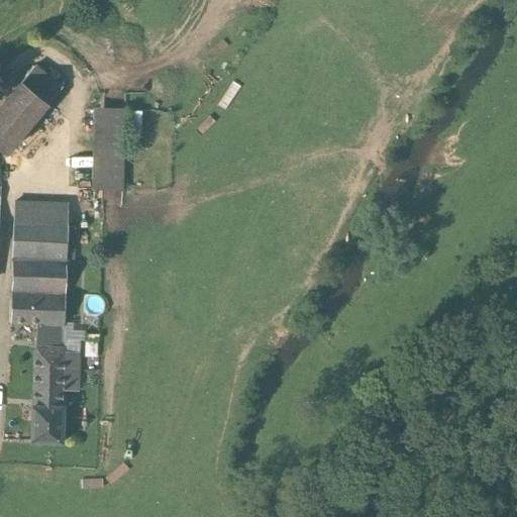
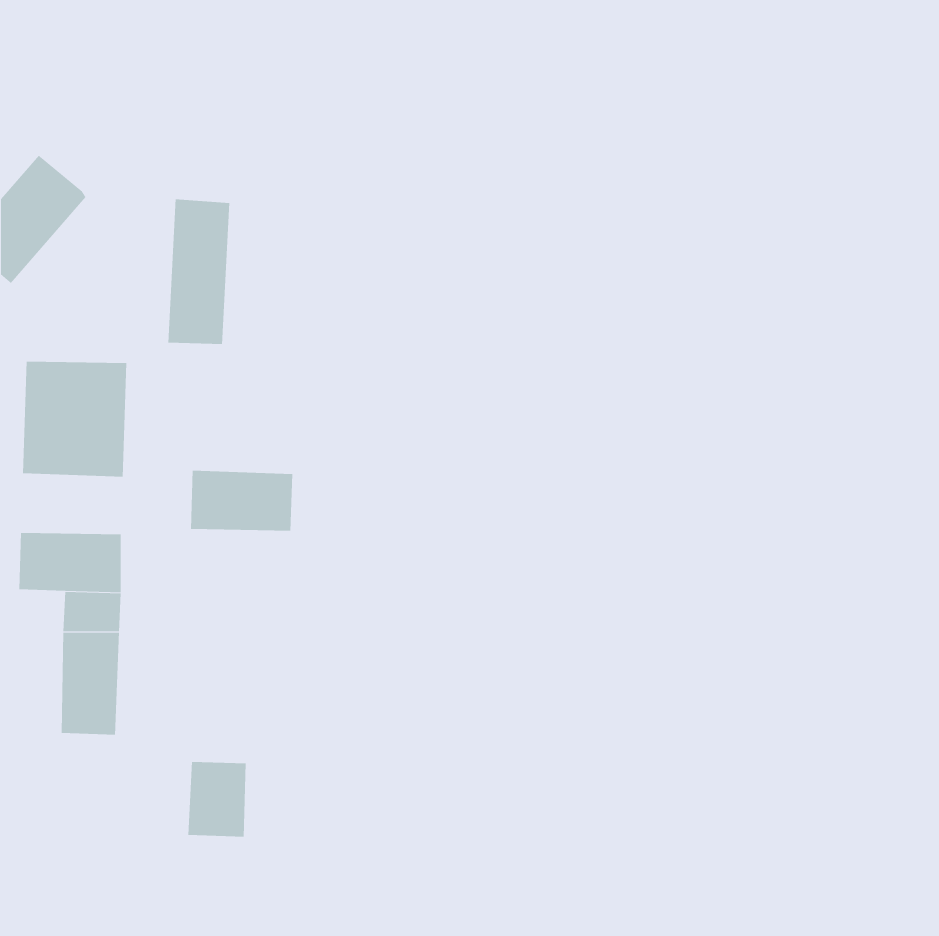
building: [22,67,62,105] -> none
building: [12,260,69,293] -> [190,470,293,531]
building: [32,402,65,443] -> [187,761,246,837]

